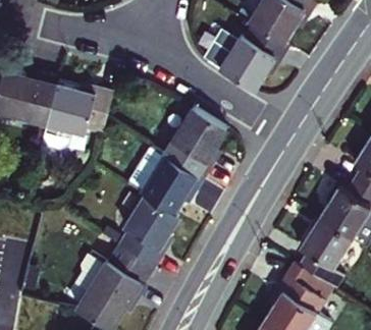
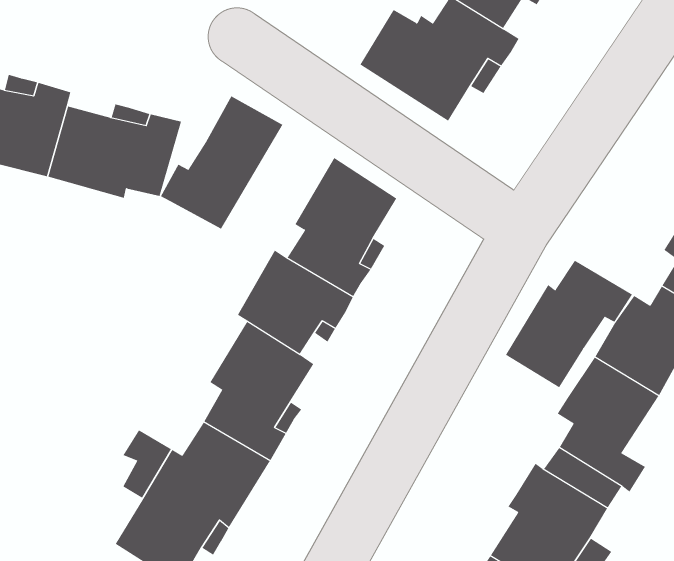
building: none -> [160,95,283,230]
building: none -> [505,260,633,388]

